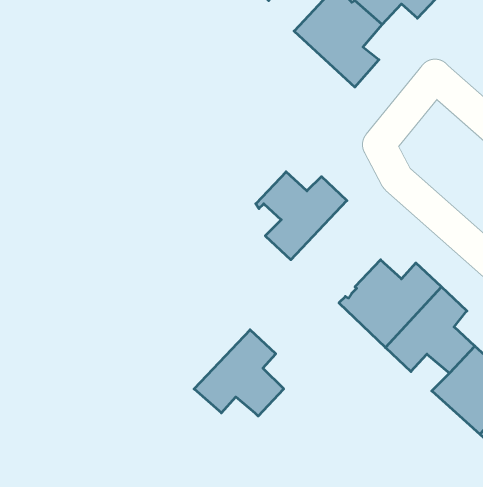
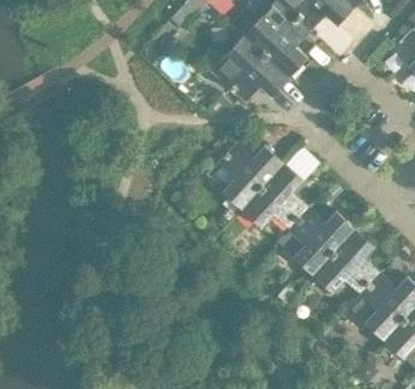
building: none -> [219,35,289,103]
building: [194,330,284,416] -> [241,163,309,228]

